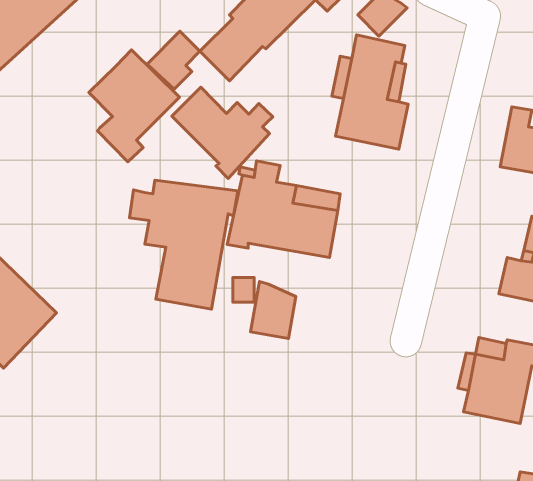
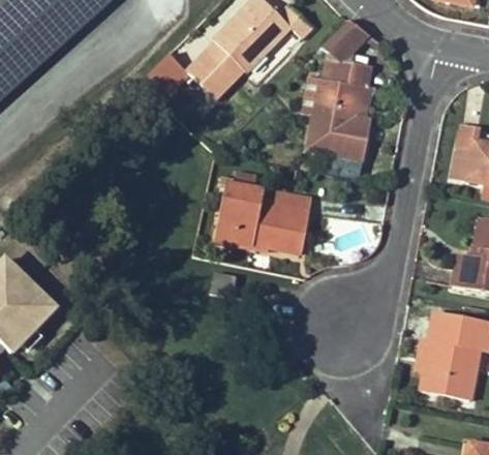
building: [89,50,179,162] -> none
building: [172,87,273,178] -> none
building: [129,180,238,309] -> none
building: [251,281,296,338] -> none

